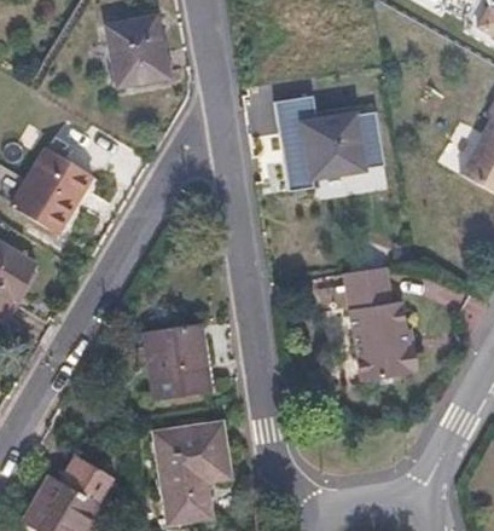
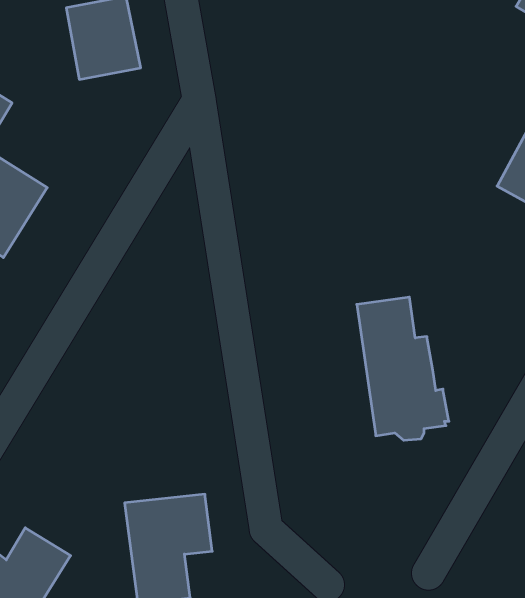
building: [273,90,382,177] -> none
building: [151,327,216,402] -> none

